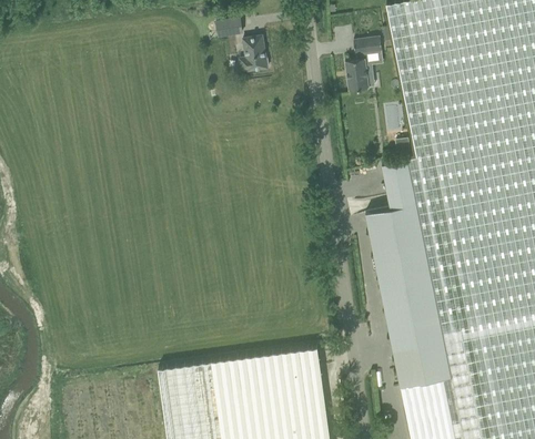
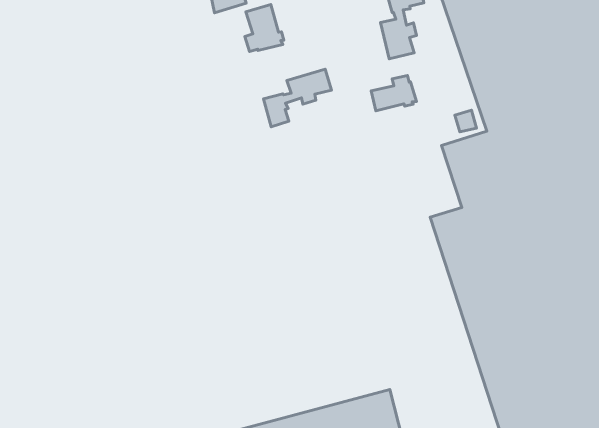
building: none -> [264,69,331,127]
building: none -> [371,75,417,111]

